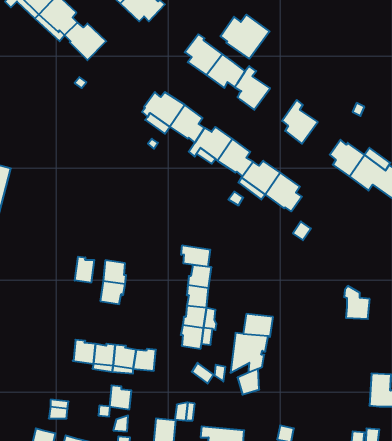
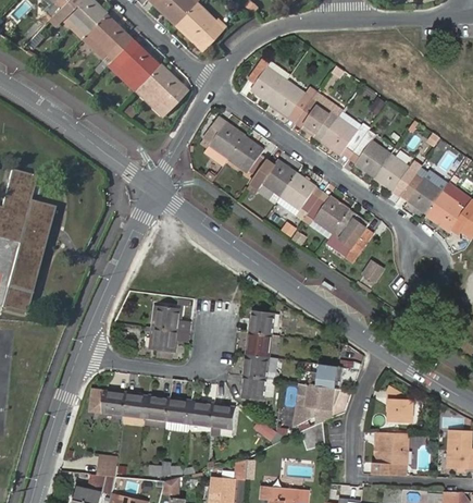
building: [220,15,270,59] -> none
building: none -> [138,65,181,110]
building: none -> [321,116,368,154]
building: none -> [373,154,419,191]
building: [181,245,210,267] -> none
building: [75,257,94,283] -> none
building: [344,286,370,319] -> [387,384,415,420]
building: none -> [89,390,125,415]
building: none -> [373,429,409,470]
building: [110,385,131,409] -> [211,403,235,429]
building: none -> [89,478,120,496]

